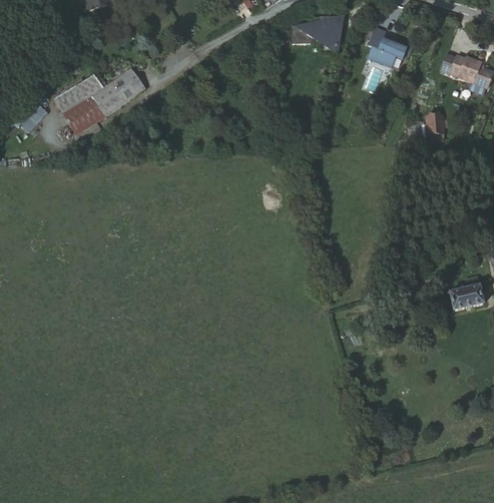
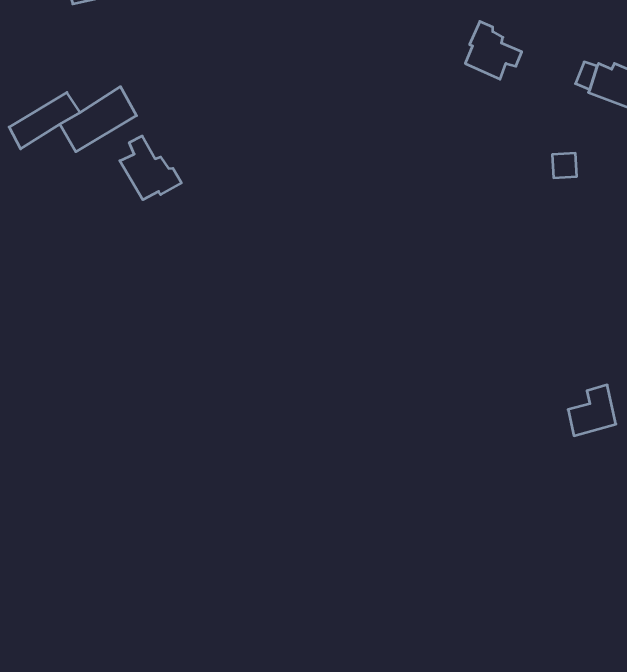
building: [295,18,340,56] -> none
building: [63,96,101,132] -> none
building: none -> [120,136,181,200]

